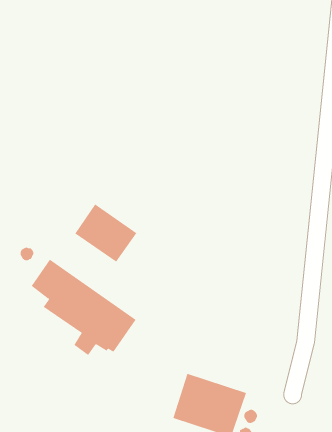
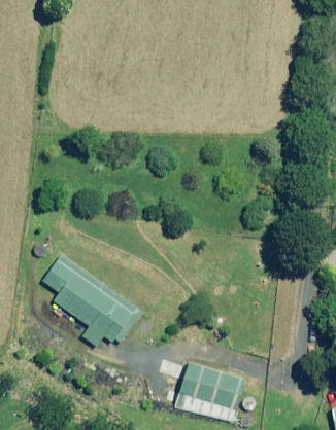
building: [75,204,137,262] -> none

